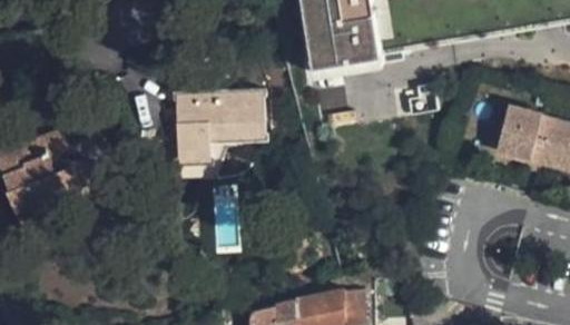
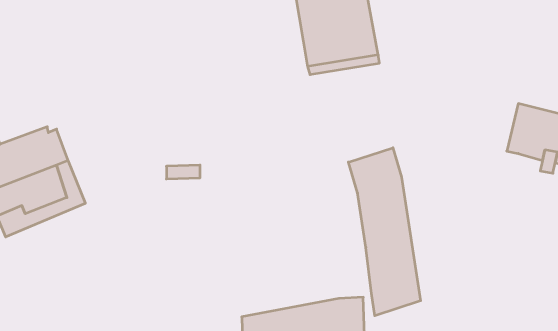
building: [171,91,258,159] -> none
building: none -> [348,148,421,316]

